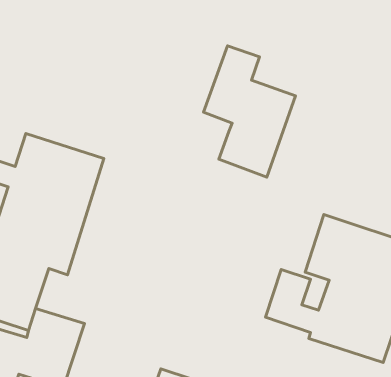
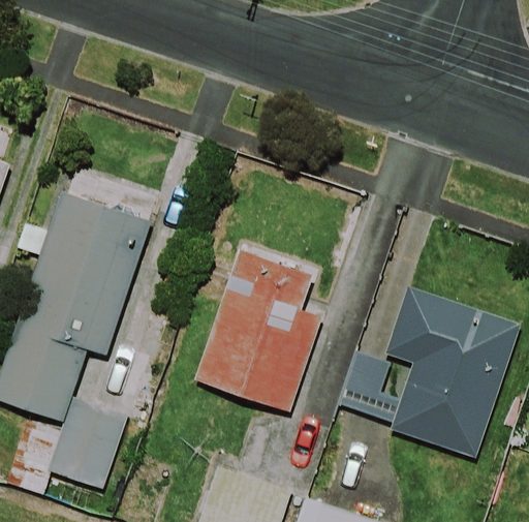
building: [204,46,296,177] -> none
building: none -> [192,251,322,413]

